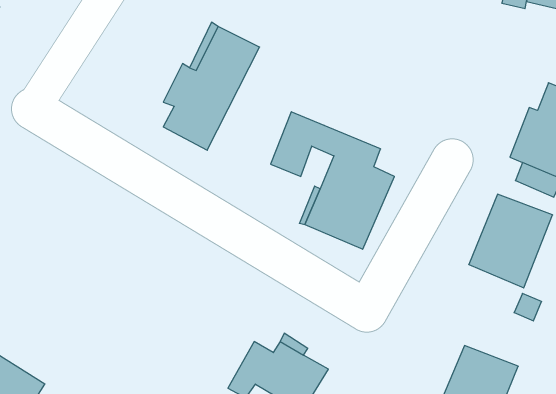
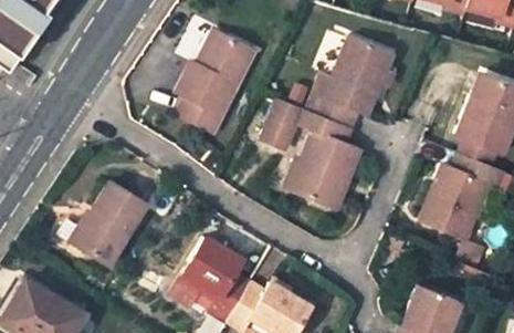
building: none -> [306,33,396,126]
building: none -> [73,178,149,263]
building: none -> [171,236,250,319]

